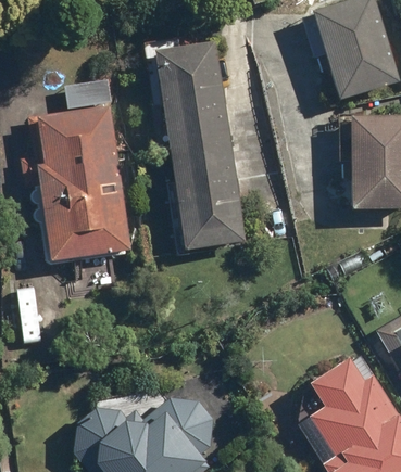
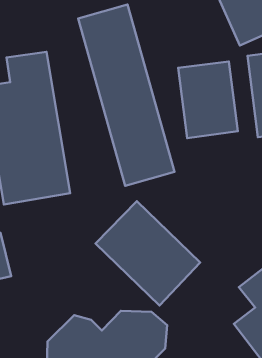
building: none -> [178,62,238,138]
building: none -> [95,201,200,306]

